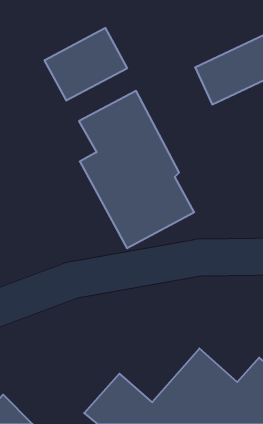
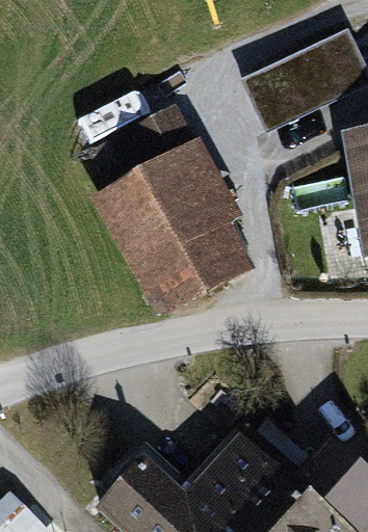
building: [45,28,127,101] -> none

